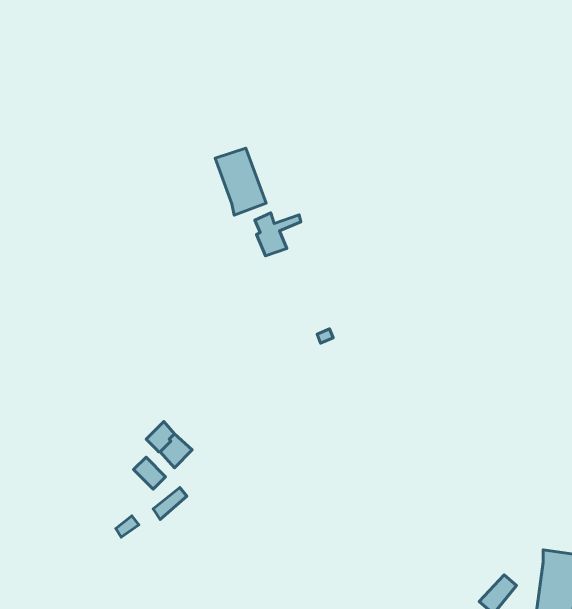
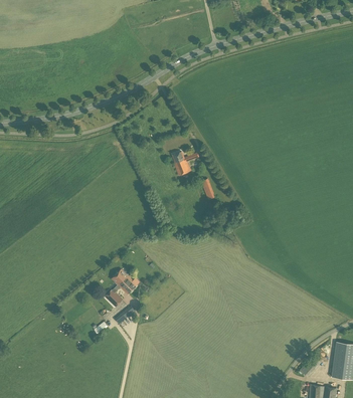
building: [215,148,266,215] -> none

